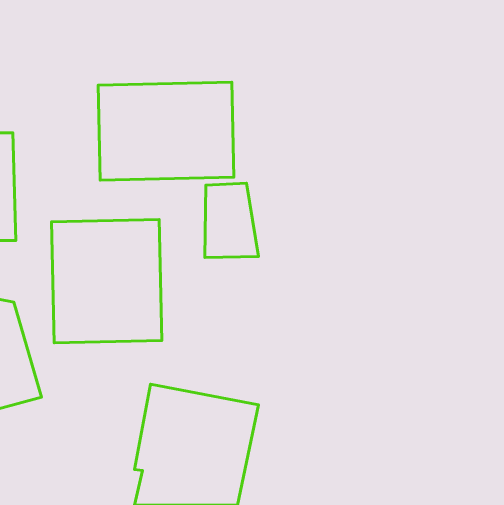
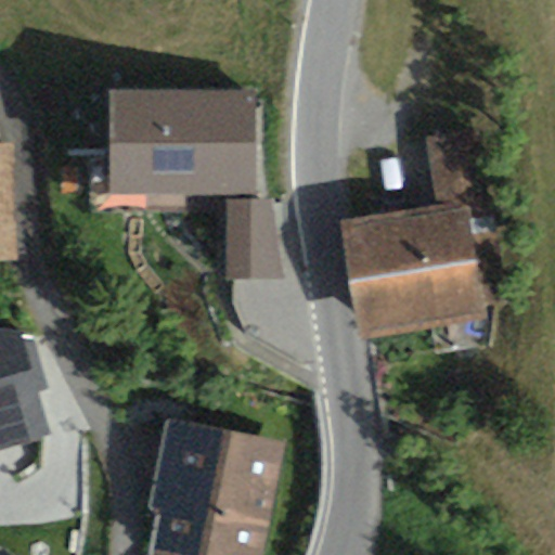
building: none -> [335,132,496,344]
building: [52,219,162,343] -> none

